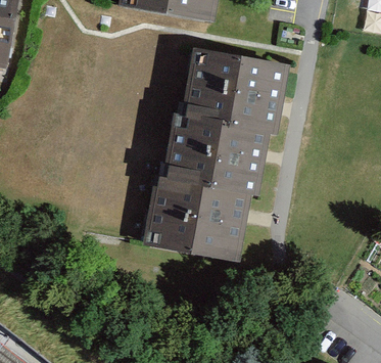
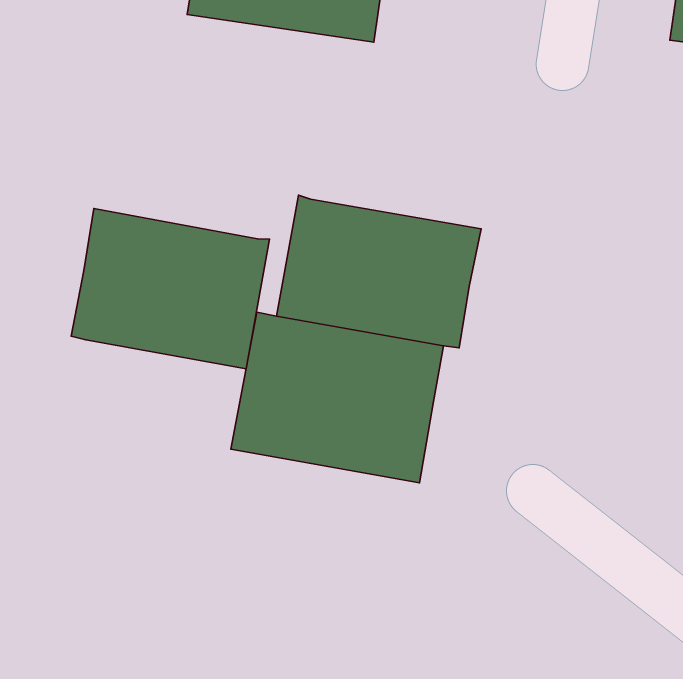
building: [183,40,289,124] -> none
building: none -> [71,208,269,369]

